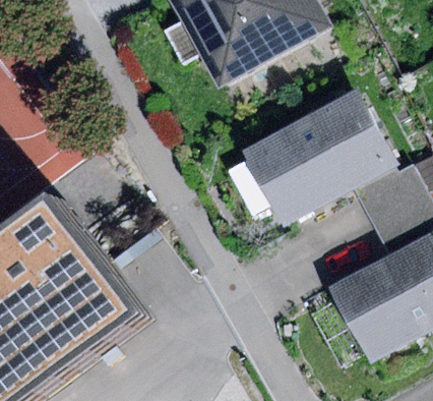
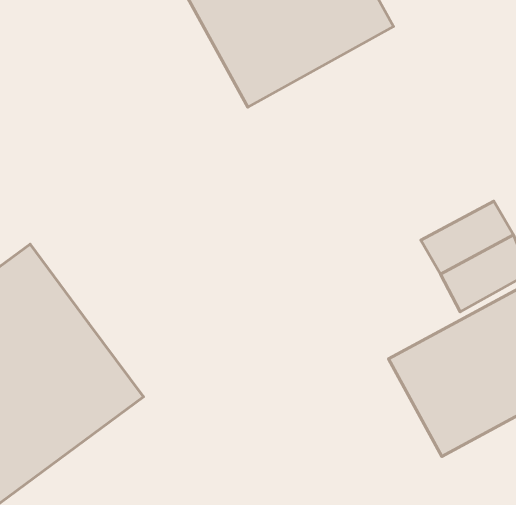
building: [244,88,396,222] -> none

